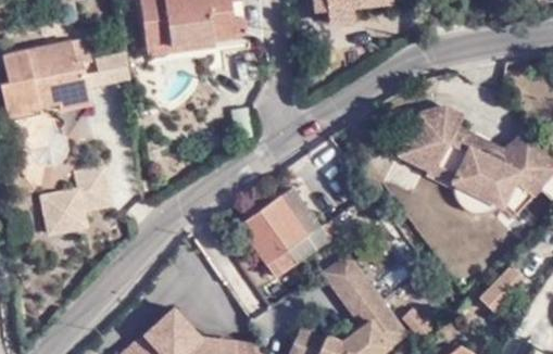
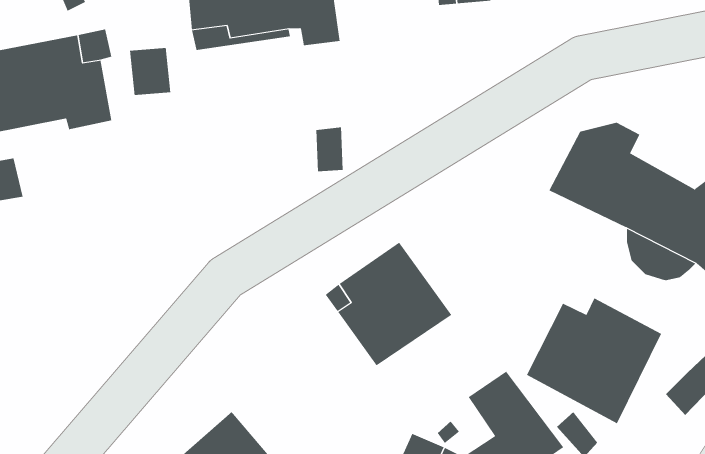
building: [39,164,117,240] -> none
building: none -> [526,297,662,424]
building: [321,252,366,298] -> none

